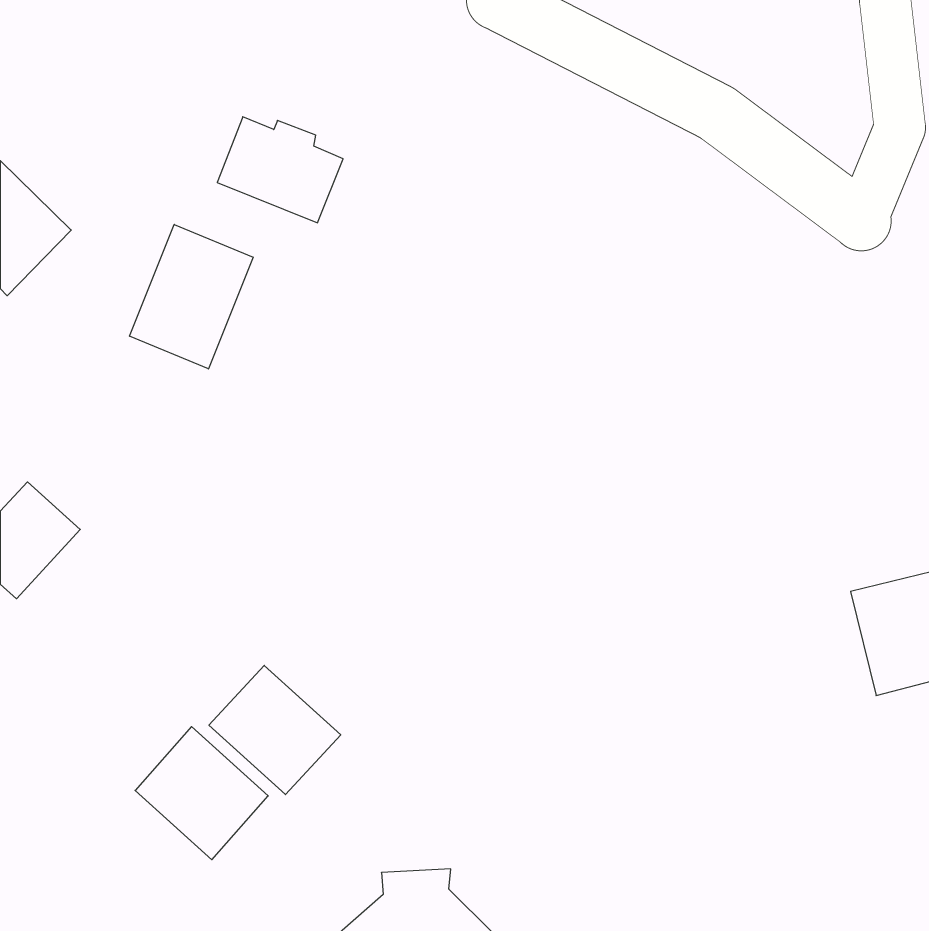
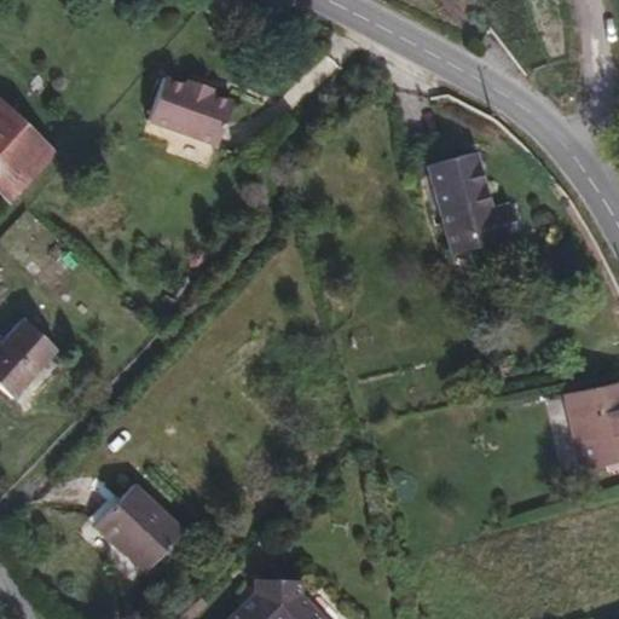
building: none -> [424,146,510,254]
building: [130,224,253,369] -> none
building: [209,665,341,795] -> none

